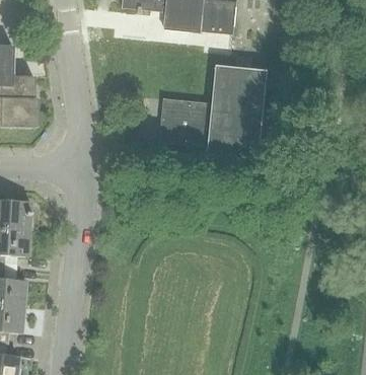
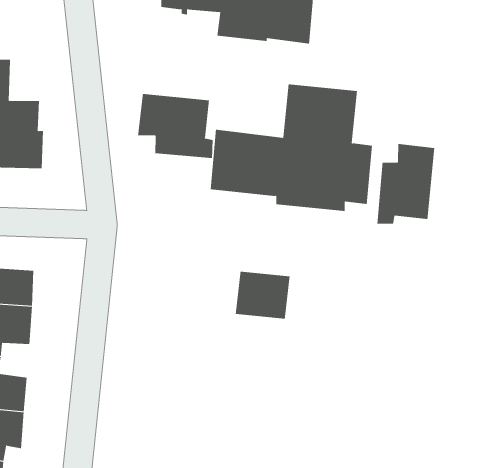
building: none -> [138,93,213,159]
building: none -> [377,143,435,224]
building: none -> [235,271,290,319]

